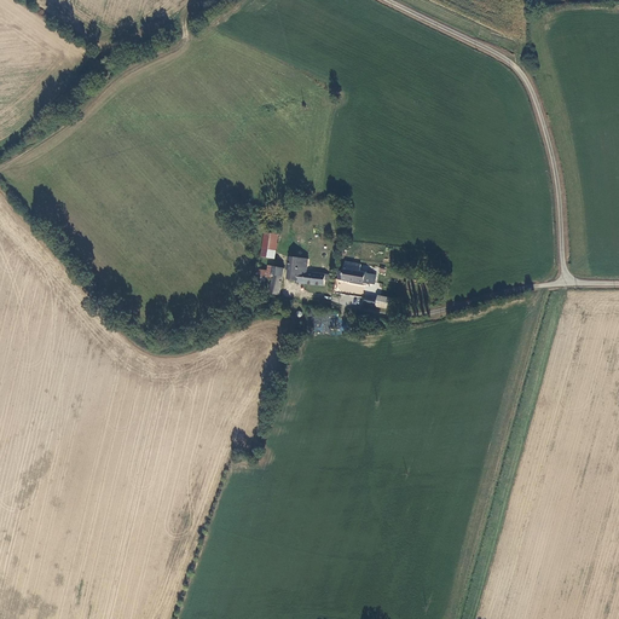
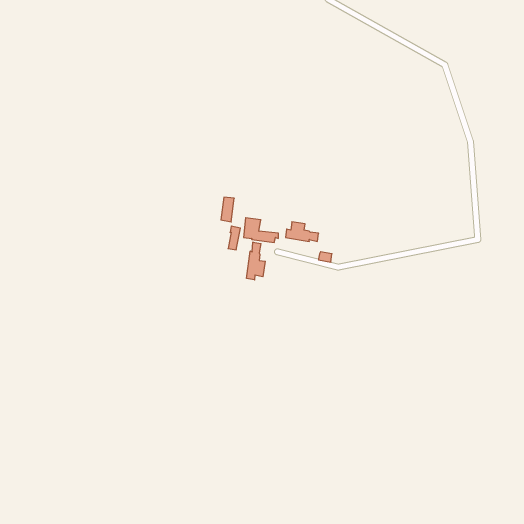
building: none -> [247,242,265,280]

